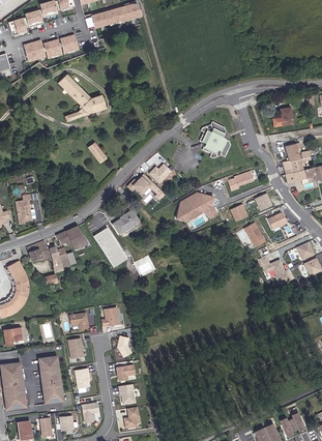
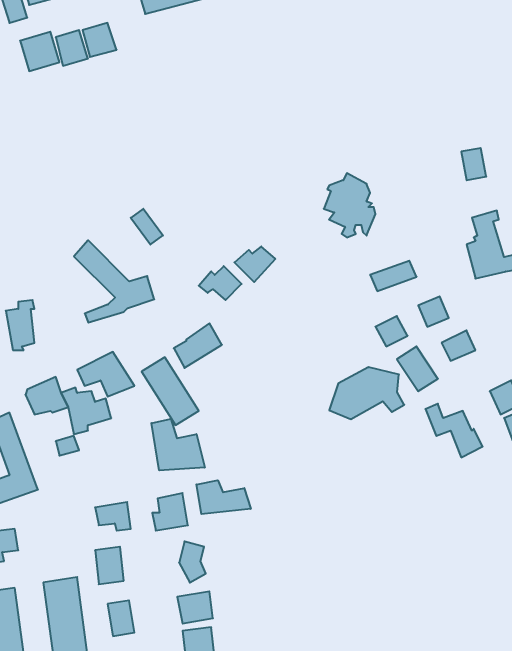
building: [59,74,106,121] -> [74,240,154,323]
building: [175,193,218,223] -> [329,367,404,419]
building: none -> [151,419,205,470]
building: none -> [196,480,251,514]

